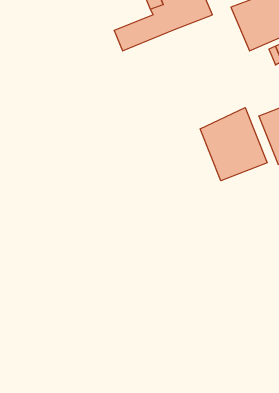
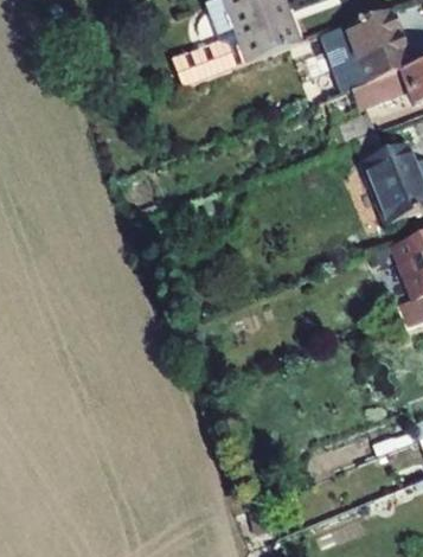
building: [200,108,267,181] -> none

